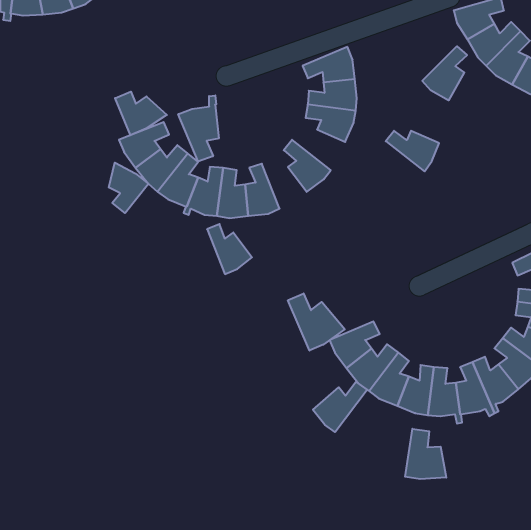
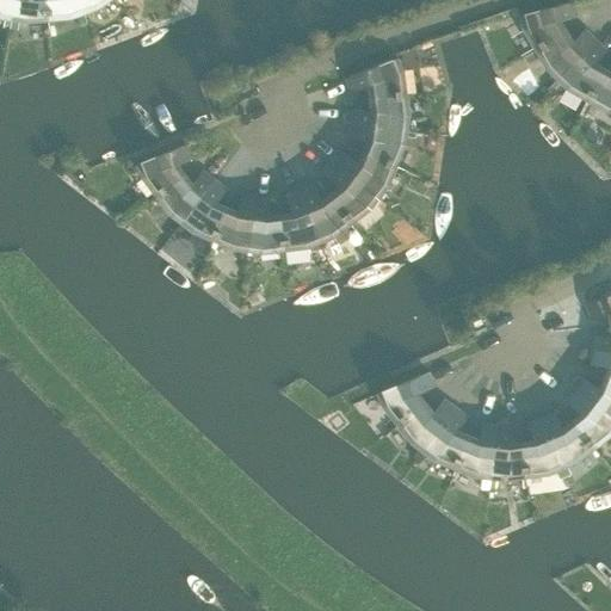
building: [422,46,467,100] -> none
building: [115,92,167,135] -> none
building: [178,95,219,162] -> none
building: [386,131,439,171] -> [337,148,397,195]
building: [109,163,149,213] -> none
building: [207,224,252,274] -> [302,181,353,239]
building: [288,293,345,351] -> none
building: [313,382,367,432] -> none
building: [405,429,446,479] -> none

